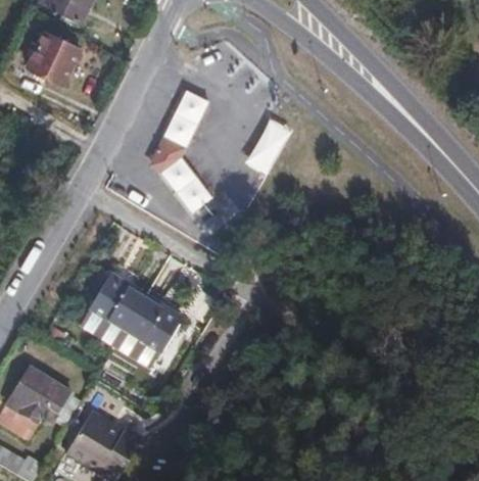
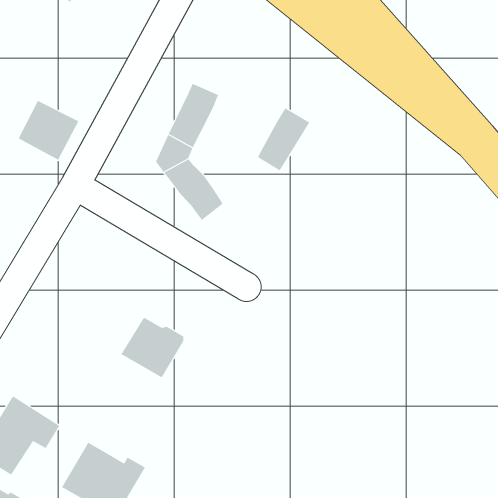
building: [26,32,80,85] -> [18,100,79,160]
building: [87,275,143,332] -> none

